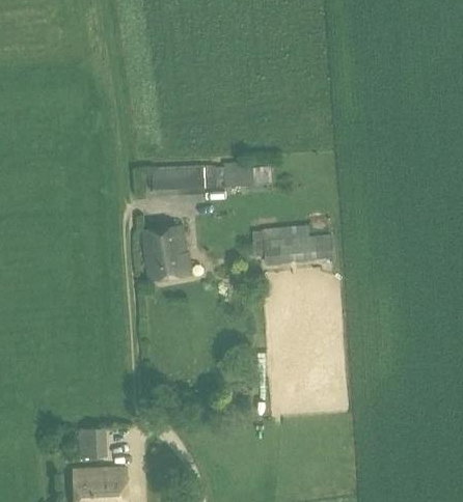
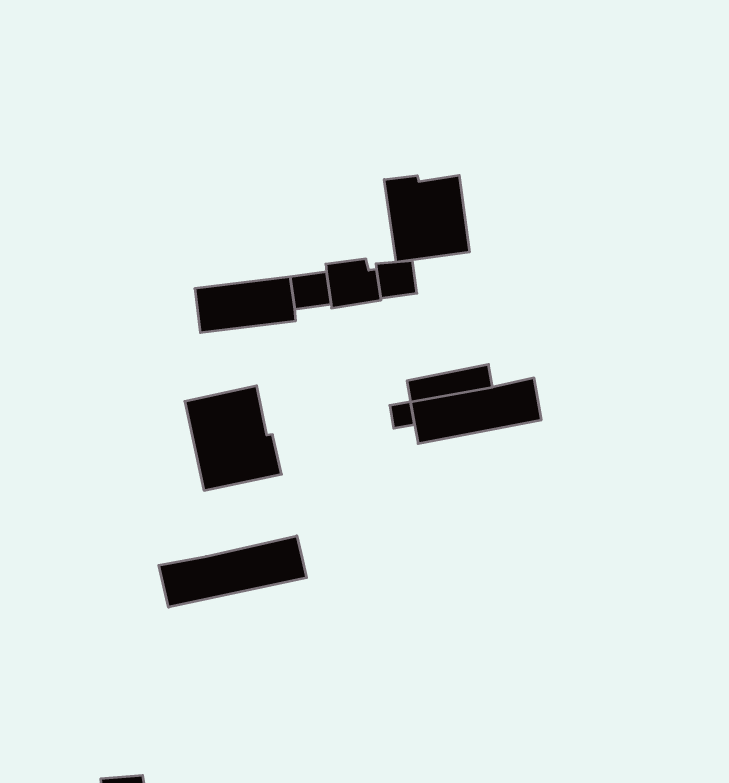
building: none -> [384,175,469,262]
building: none -> [159,536,307,607]

